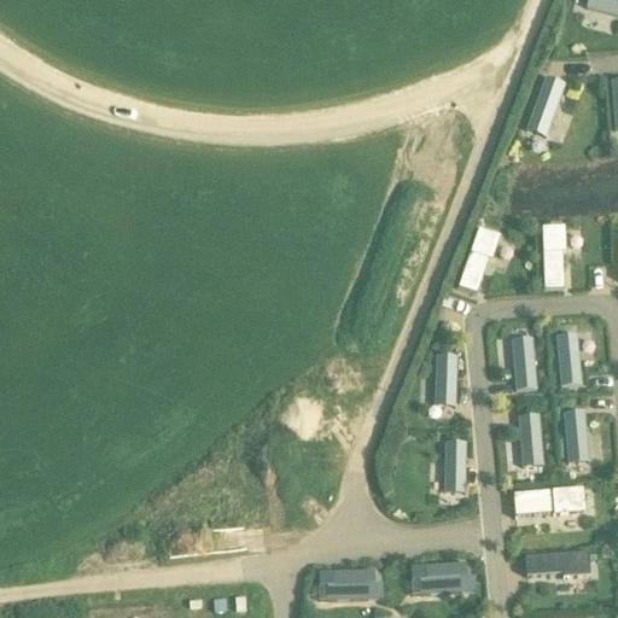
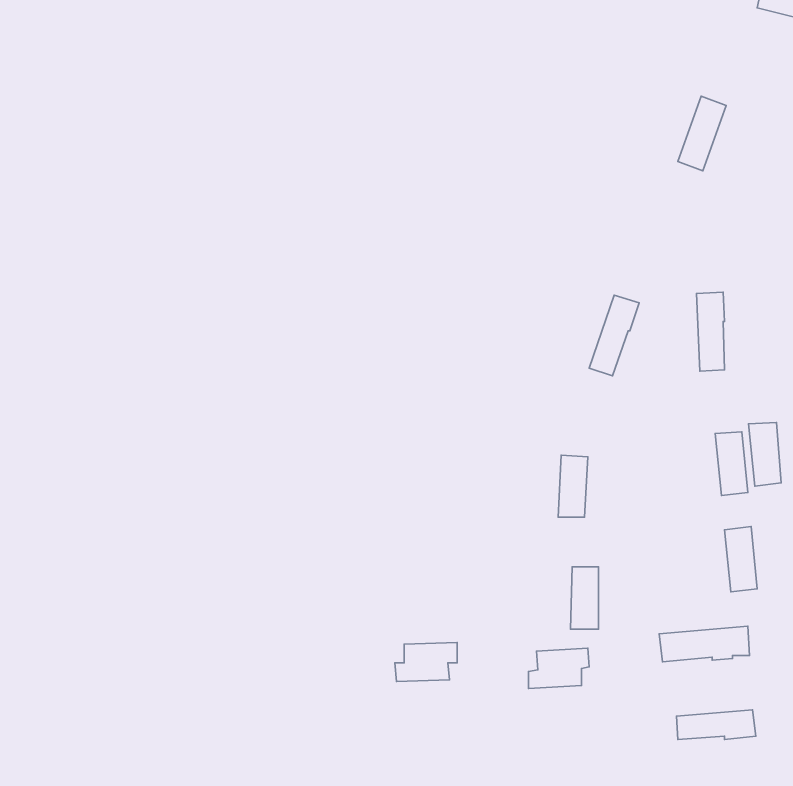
building: [511,339,536,389] -> [749,422,781,486]
building: [518,413,543,462] -> none
building: [420,561,467,593] -> [529,648,589,689]
building: [327,569,375,599] -> [395,643,457,681]

